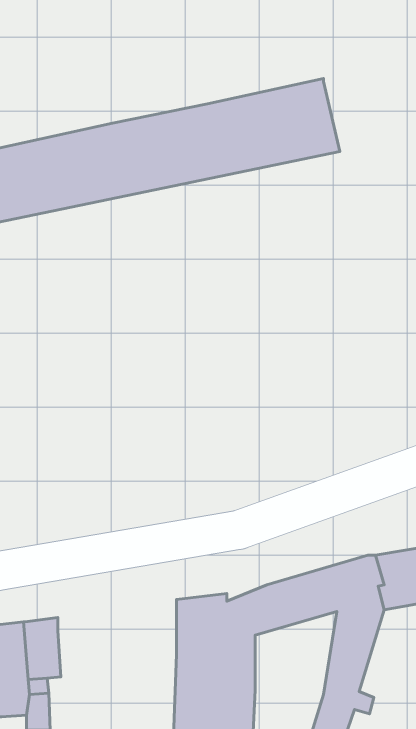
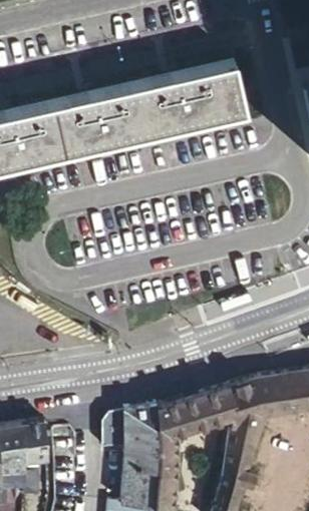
building: none -> [102,416,126,453]

